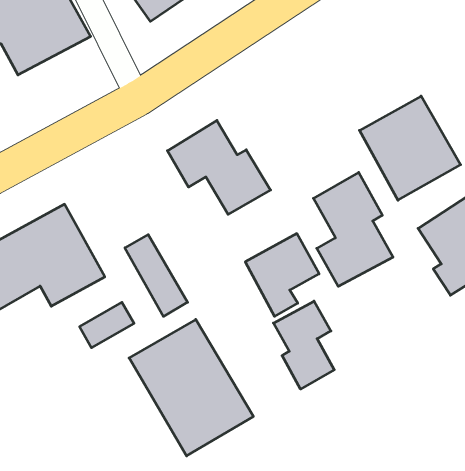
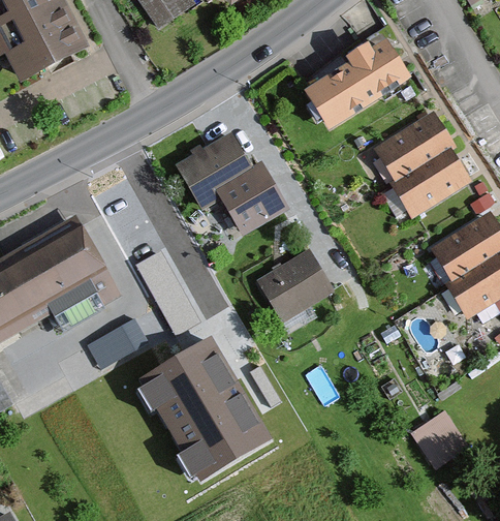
building: none -> [308,39,407,125]
building: [313,172,393,286] -> none
building: [273,301,334,389] -> none
building: none -> [408,407,467,466]

